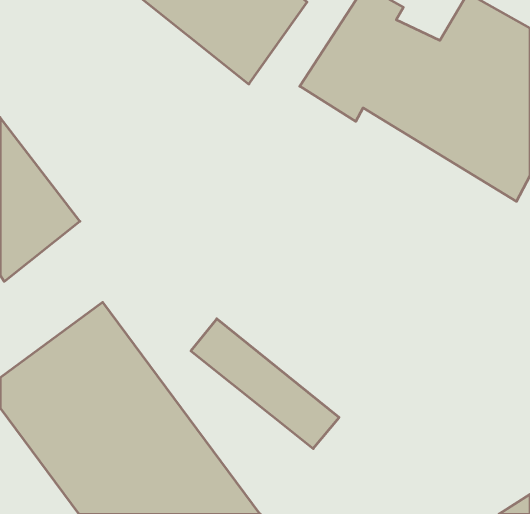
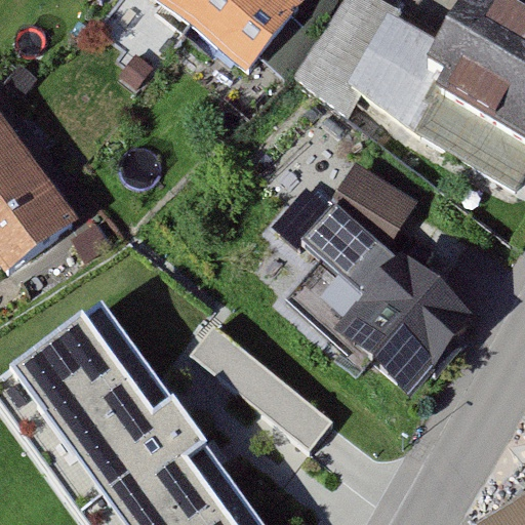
building: none -> [310,165,469,395]

